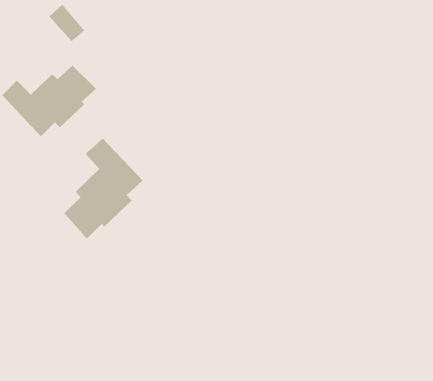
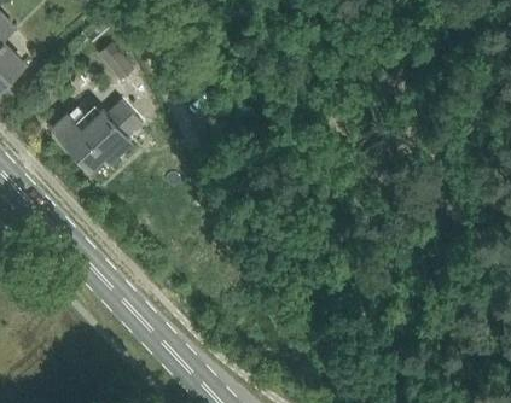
building: [63,138,144,239] -> none

